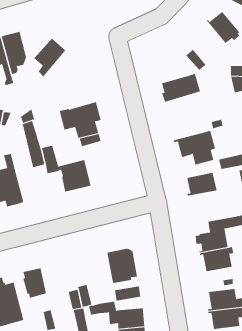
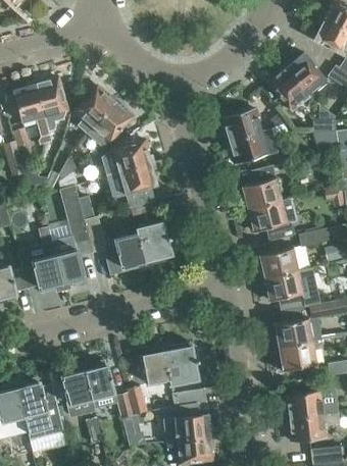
building: none -> [268,64,307,107]
building: none -> [87,101,132,147]
building: none -> [220,107,261,143]
building: none -> [104,141,151,172]
building: none -> [242,165,280,210]
building: none -> [136,222,176,266]
building: none -> [55,249,85,286]
building: none -> [261,268,319,309]
building: none -> [141,347,169,382]
building: none -> [84,360,114,397]

